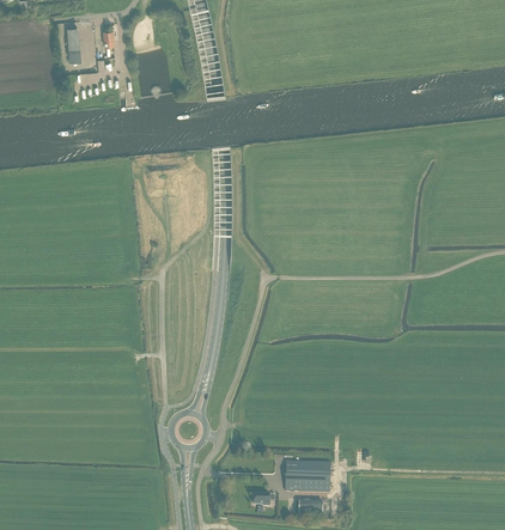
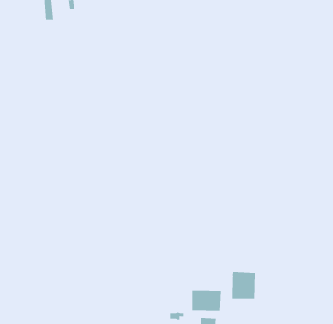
building: none -> [232,271,255,299]

